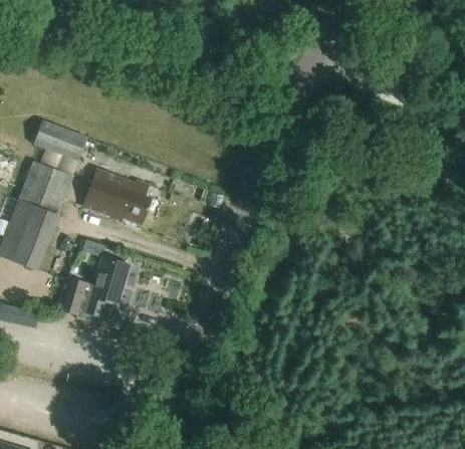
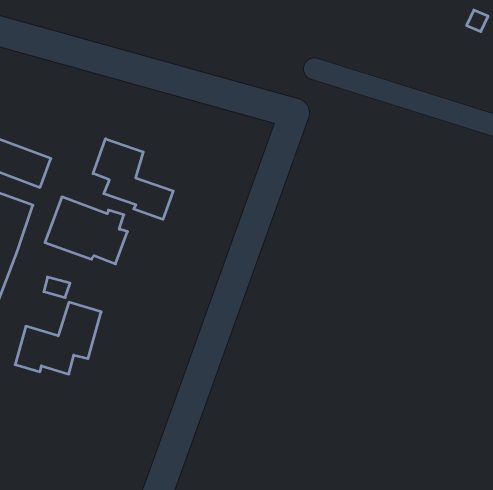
building: none -> [93,139,173,219]

